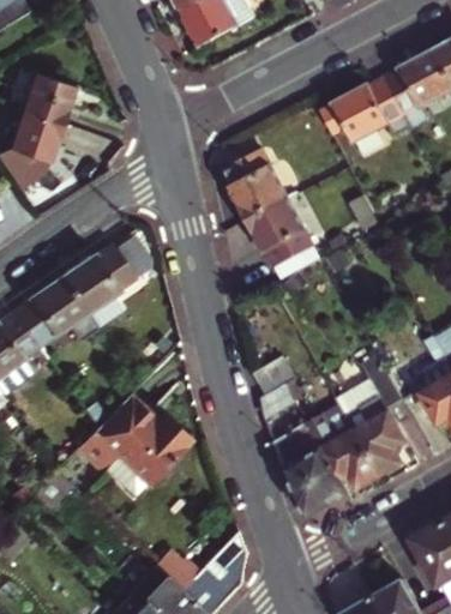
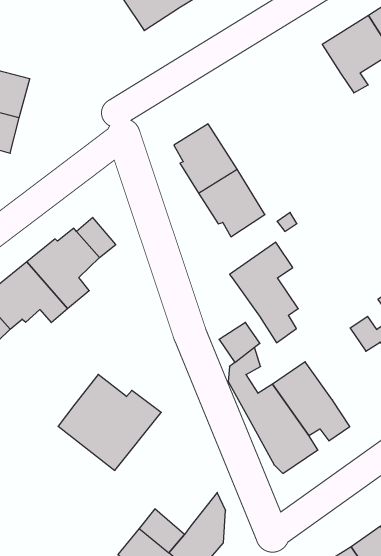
building: [317,76,411,143] -> none
building: [337,369,405,474] -> [230,242,298,343]

